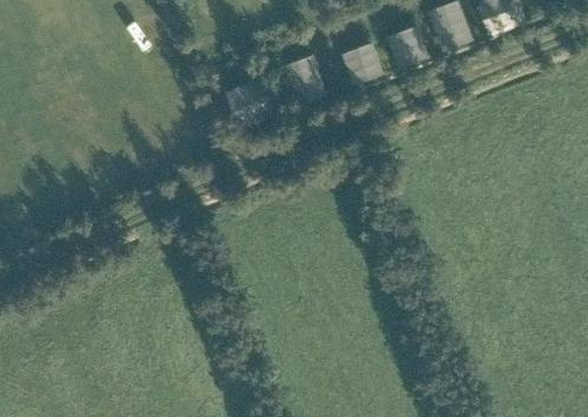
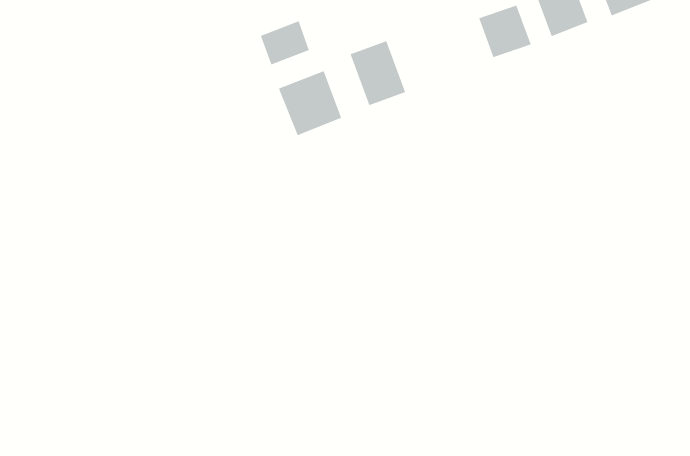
building: none -> [260,20,310,65]
building: [342,42,384,84] -> none

